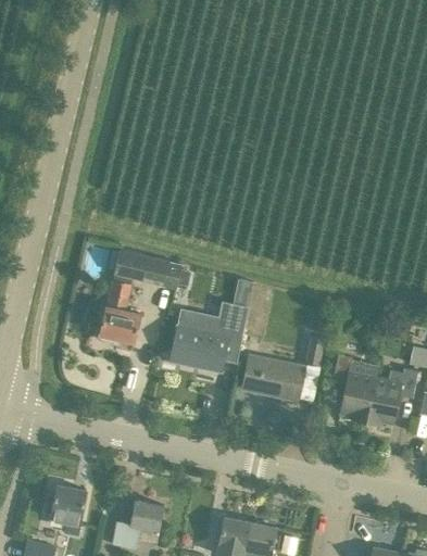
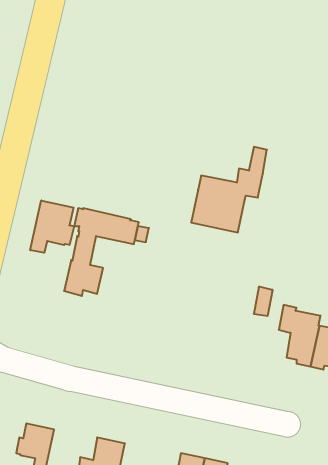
building: none -> [30,200,74,253]
building: [169,279,252,372] -> [191,147,267,232]
building: [242,356,305,401] -> none

